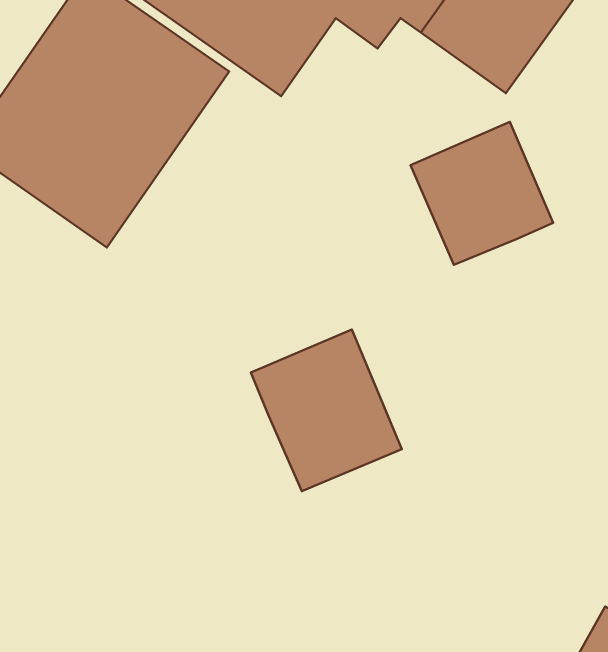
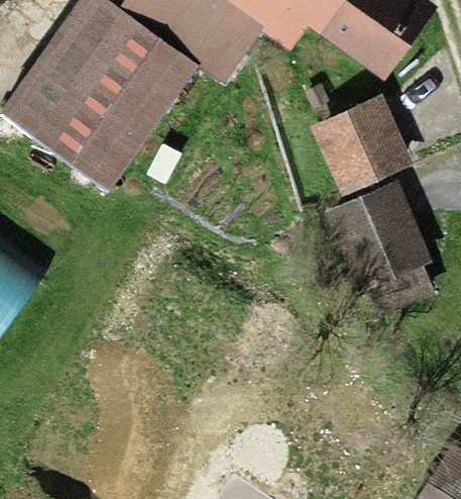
building: none -> [320,181,428,297]
building: [251,329,402,491] -> none

